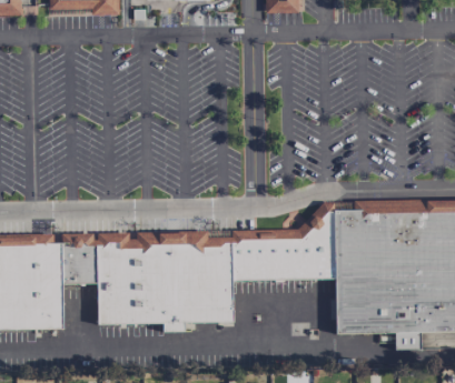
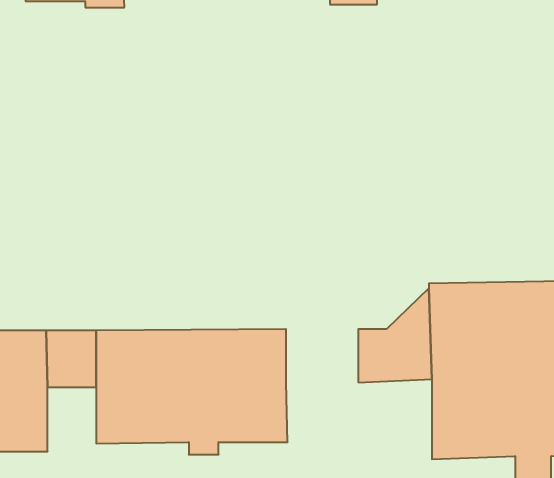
building: [235,242,286,280] -> none

